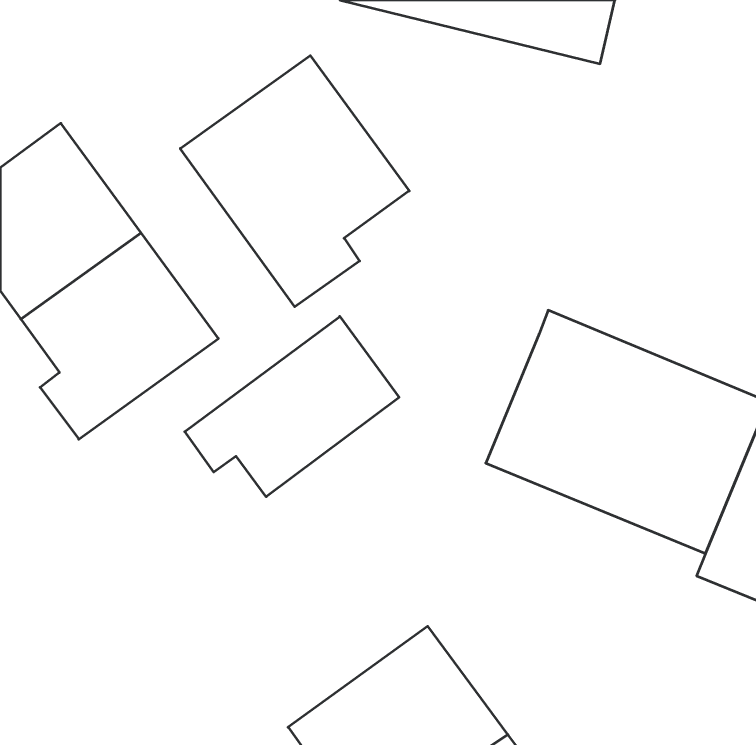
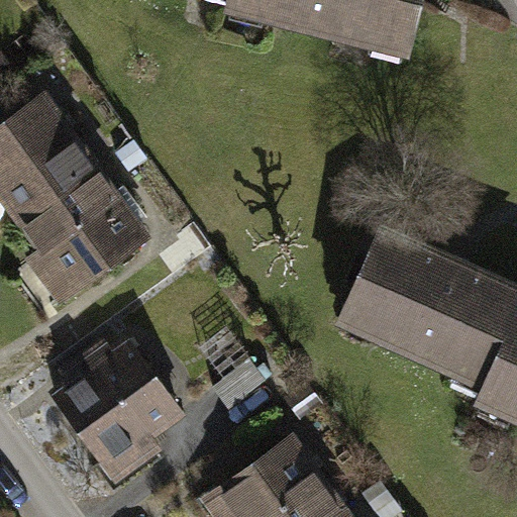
building: [180,56,409,307] -> none
building: [185,316,399,497] -> none
building: none -> [50,330,184,484]

